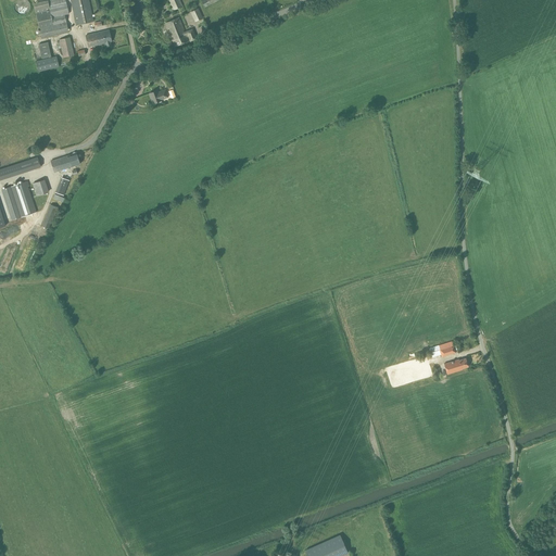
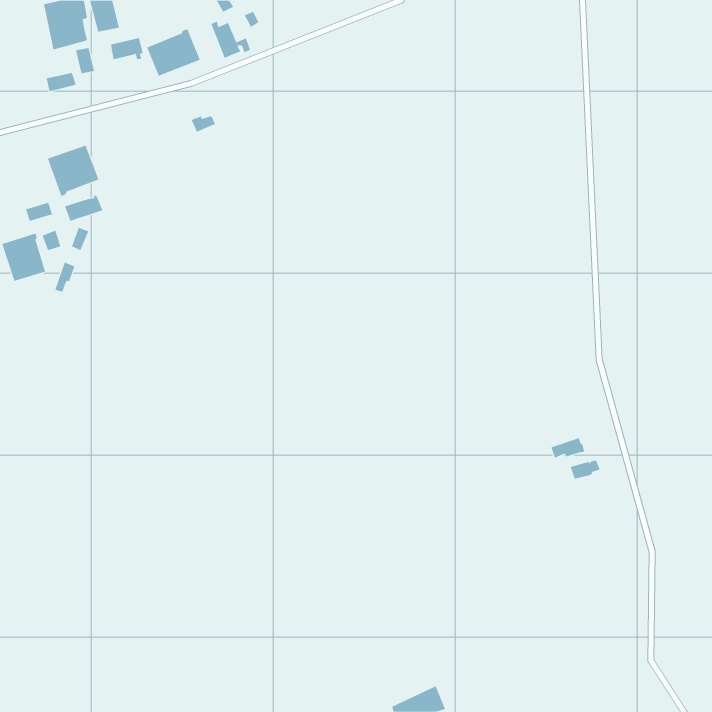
building: none -> [146,28,200,76]
building: none -> [47,145,99,197]

